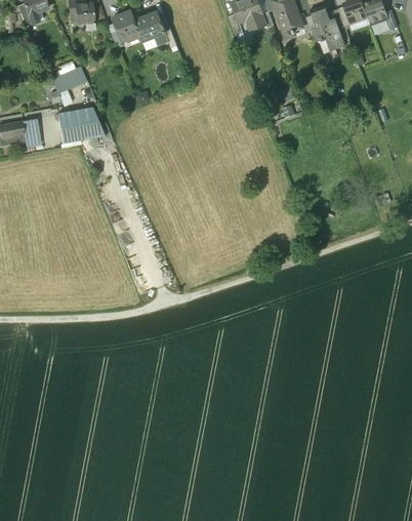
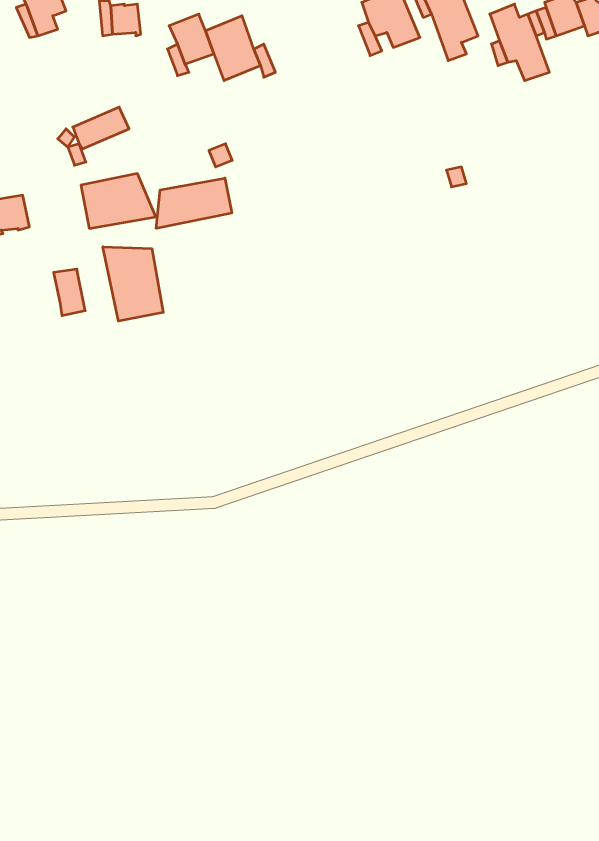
building: none -> [156,178,232,228]
building: [22,119,41,148] -> [54,269,85,316]
building: none -> [103,247,163,321]

